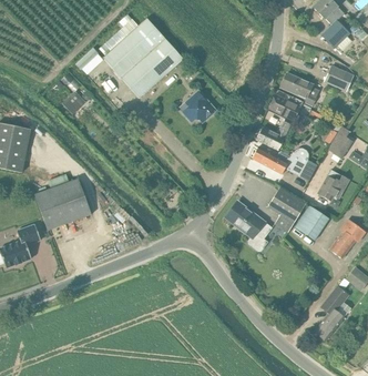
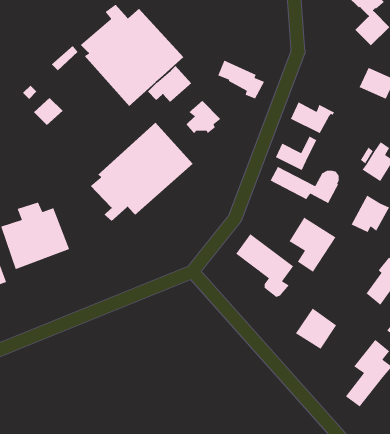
building: none -> [147,65,192,103]
building: [280,72,319,104] -> [217,60,265,99]
building: none -> [90,122,193,222]
building: [294,205,328,240] -> [295,307,337,350]

